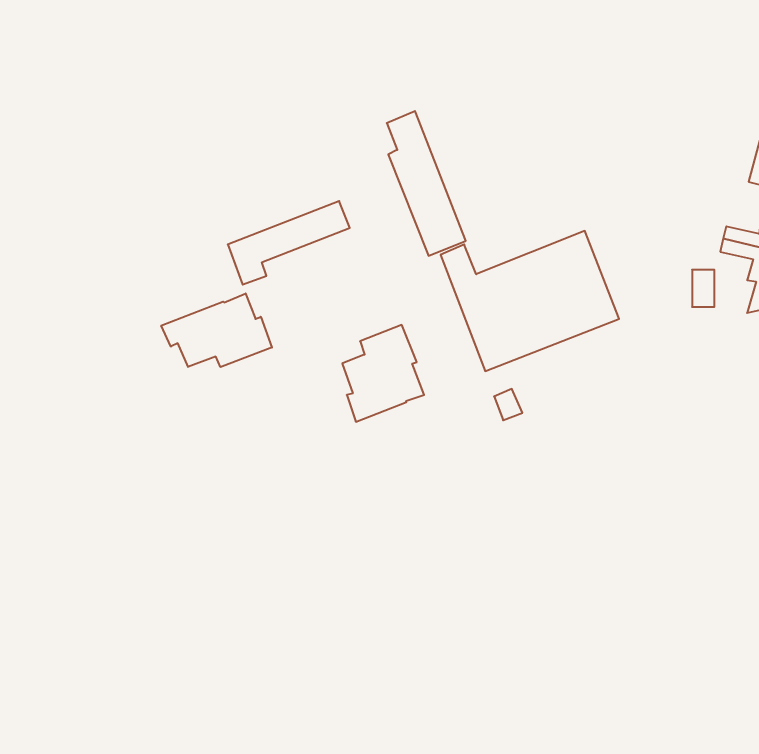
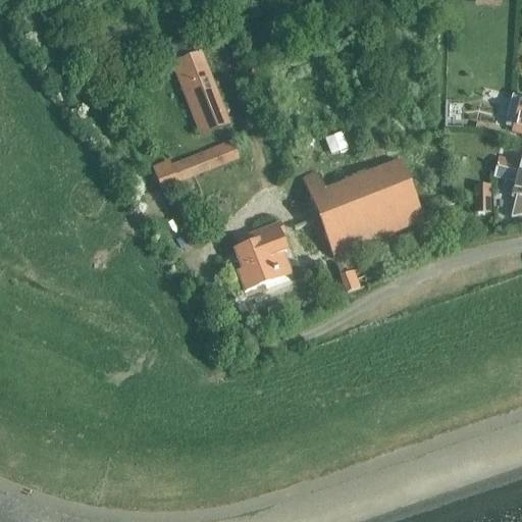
building: [387,111,466,256] -> [172,33,226,132]
building: [161,293,272,367] -> none

